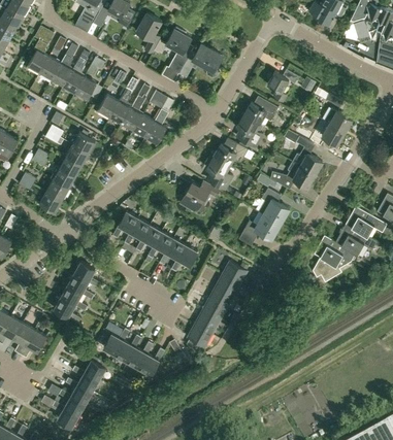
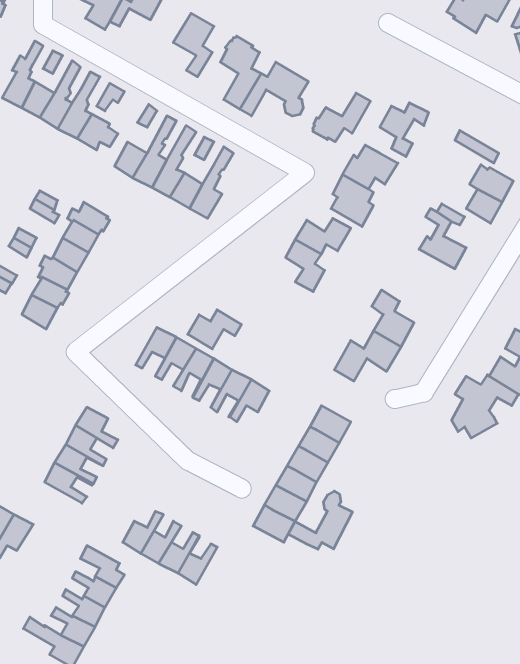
building: none -> [313,93,370,142]
building: [271,162,315,188] -> none
building: [185,179,219,204] -> [188,310,241,349]
building: none -> [288,491,352,549]

